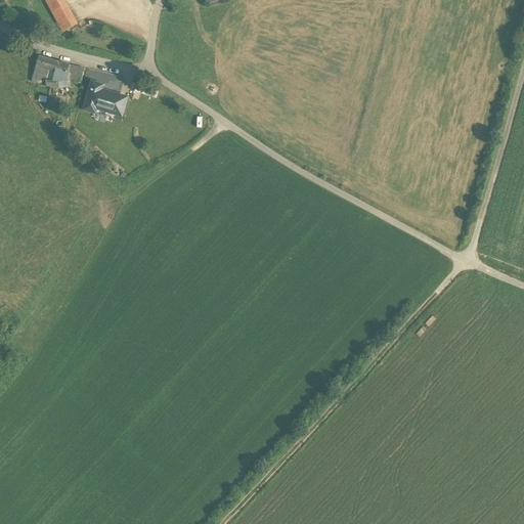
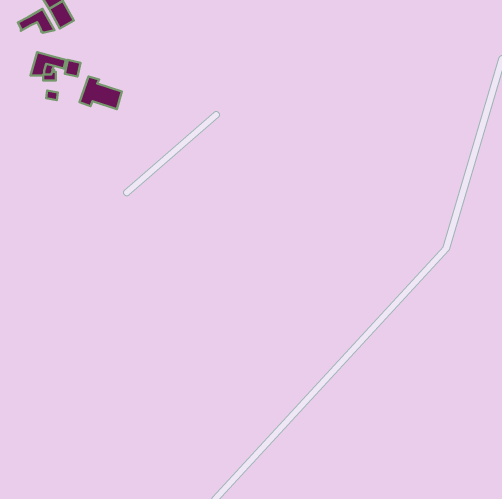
building: none -> [18,9,55,33]

